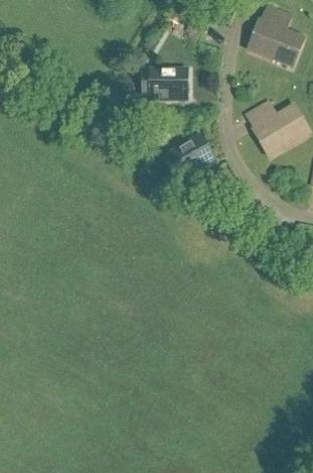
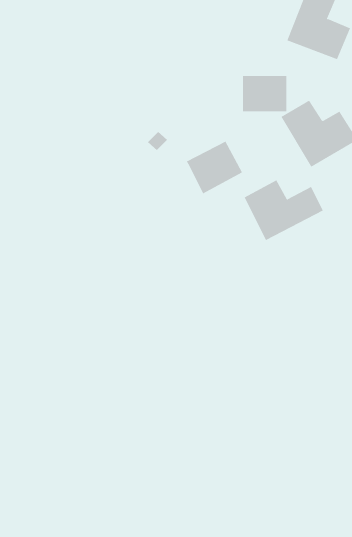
building: [149,69,186,99] -> [242,76,287,112]
building: none -> [244,179,323,241]

